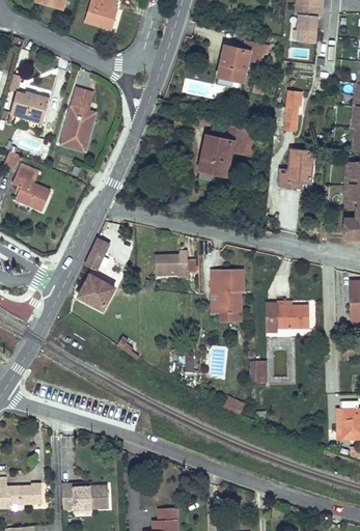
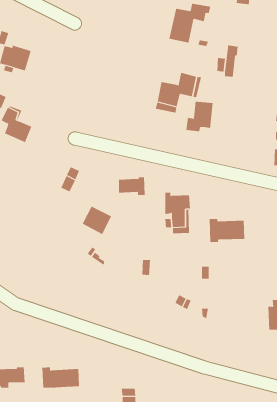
building: [60,88,94,151] -> none
building: [278,149,312,187] -> [185,101,214,132]
building: [78,275,114,310] -> [82,206,112,235]

